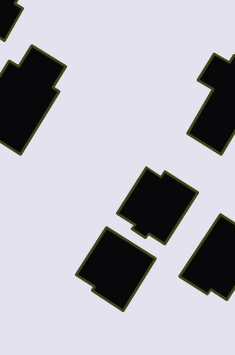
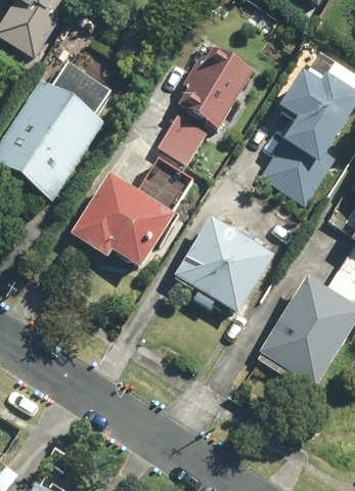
building: none -> [161,47,251,162]
building: none -> [69,173,173,269]
building: [76,227,155,311] -> none

